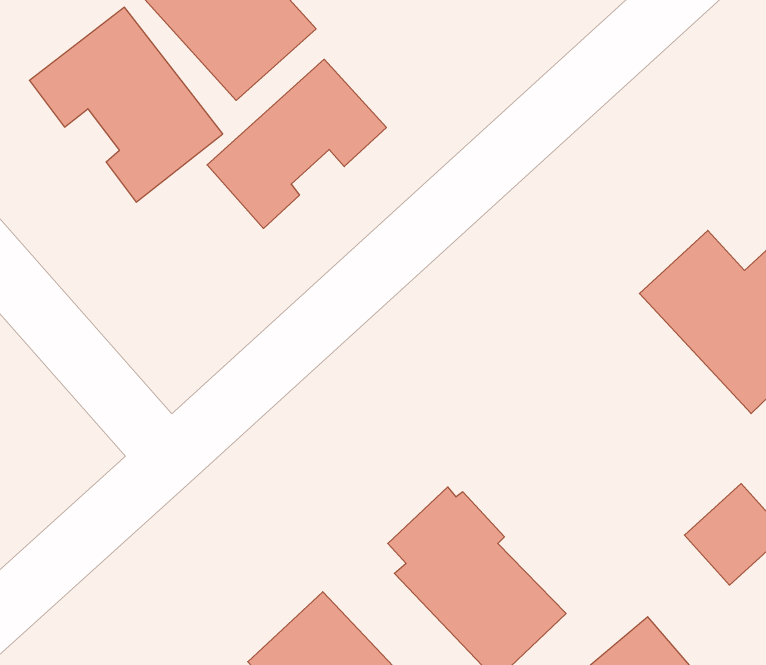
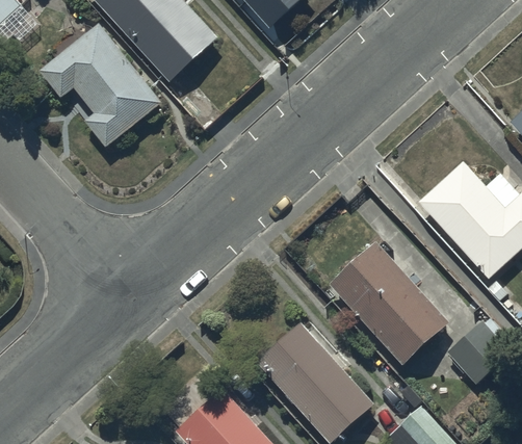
building: [207,59,386,228] -> none
building: none -> [328,241,449,365]

